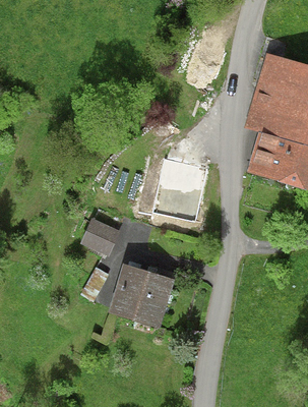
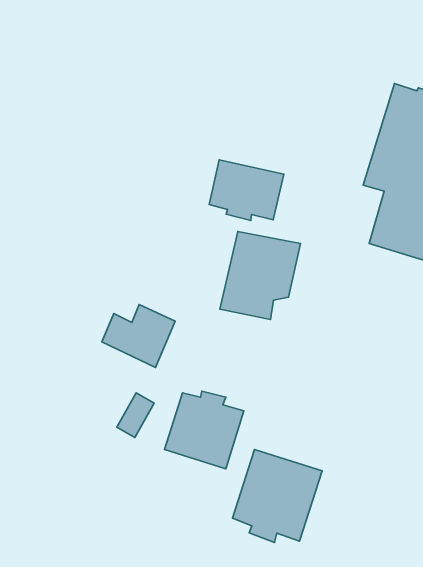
building: none -> [209,160,284,221]
building: none -> [233,449,322,543]

